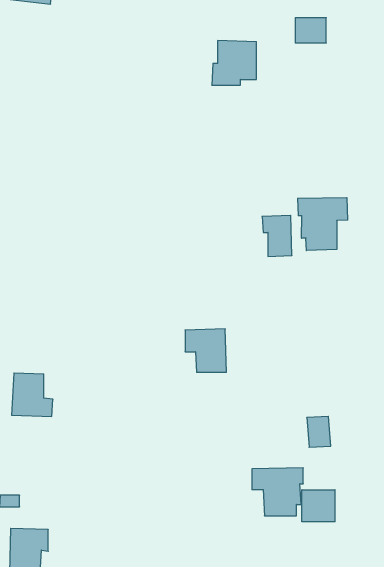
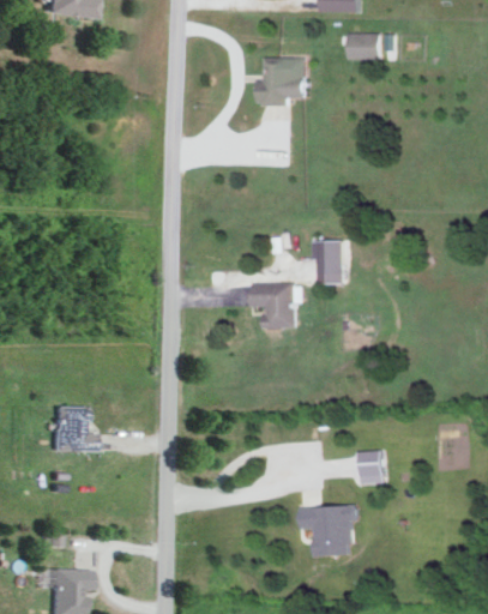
building: [298,198,348,251] -> none
building: [185,329,226,372] -> [253,282,296,327]
building: [302,490,335,522] -> none

